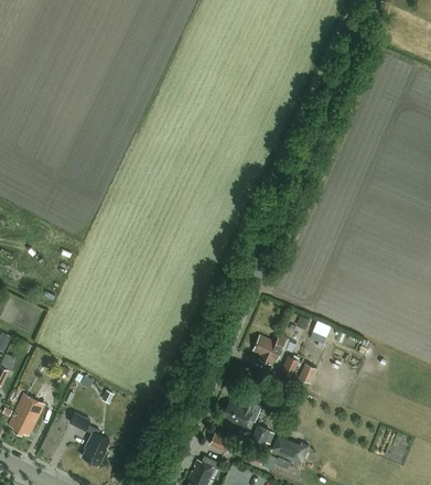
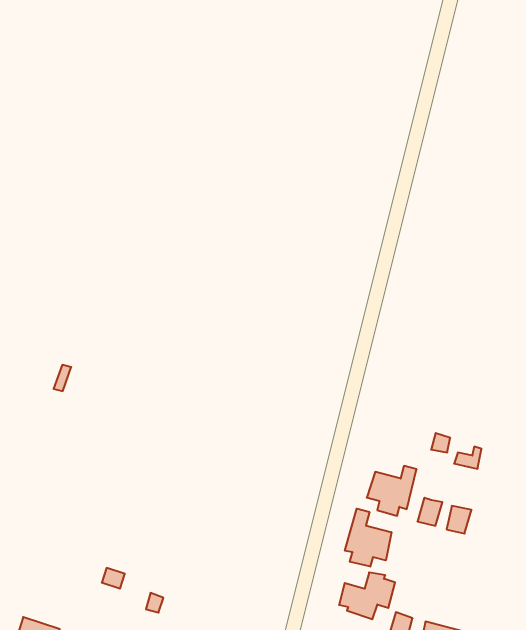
building: none -> [345,509,391,567]

